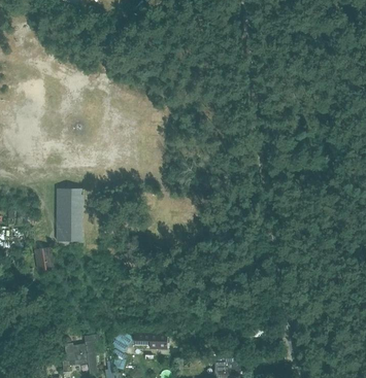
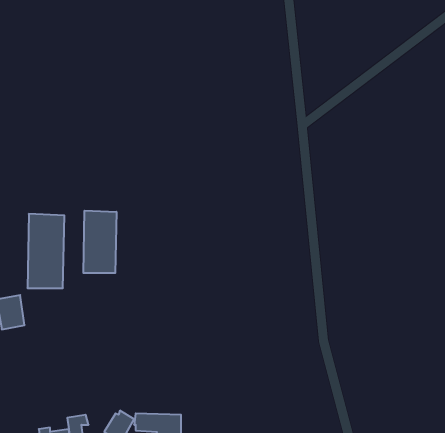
building: none -> [83,211,116,273]

